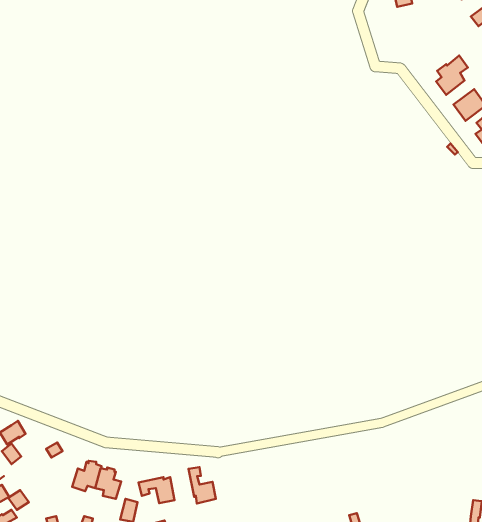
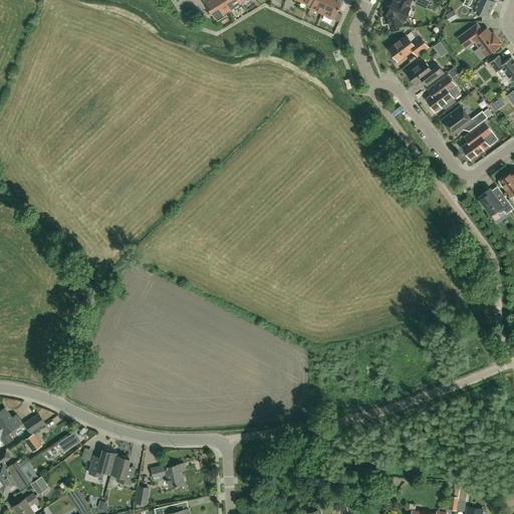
building: none -> [389,35,428,60]
building: none -> [407,60,443,85]
building: [188,467,216,503] -> none

